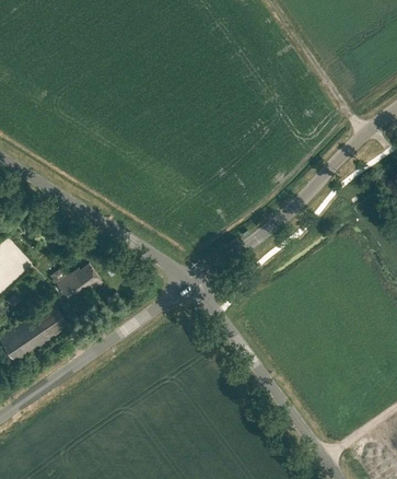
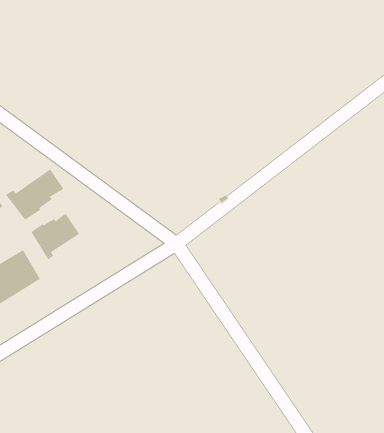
building: none -> [5,169,64,220]

